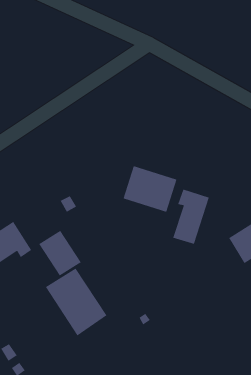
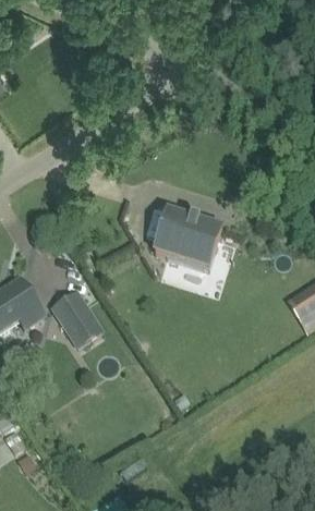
building: [172,188,210,245] -> none
building: [45,268,107,336] -> none

